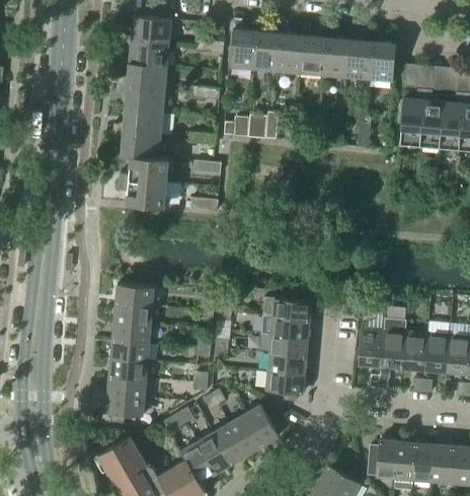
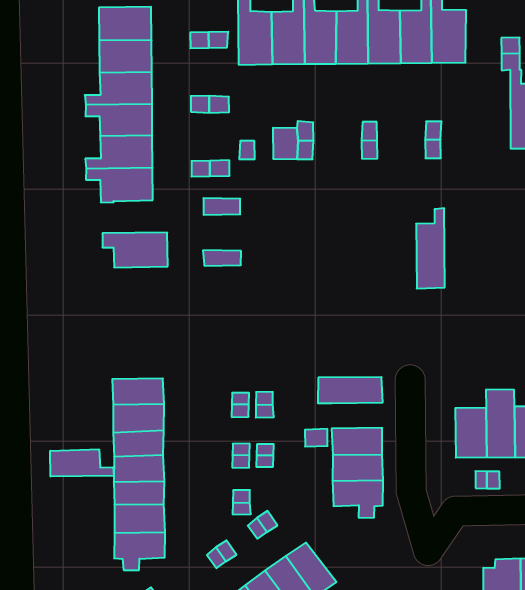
building: [398,90,423,147] -> [416,208,445,289]
building: [120,157,168,184] -> none
building: [270,317,309,339] -> none
building: none -> [50,449,114,477]
building: [244,406,283,446] -> none

